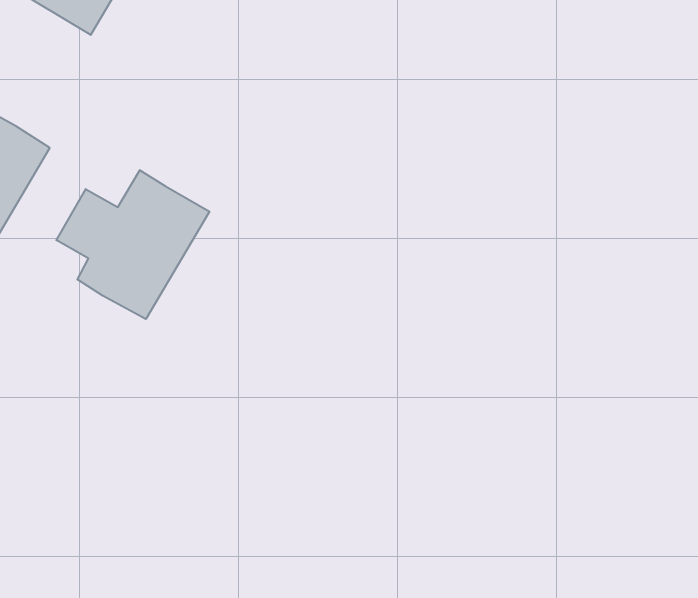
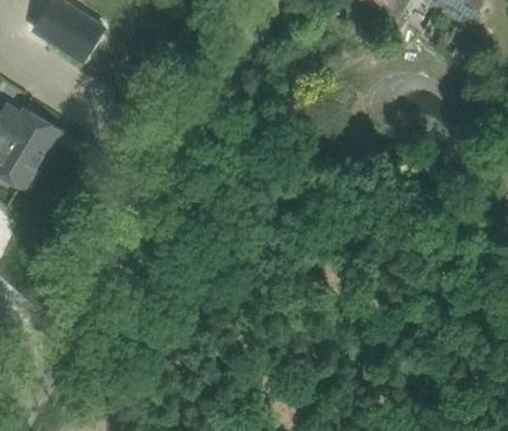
building: [56,170,209,319] -> none

